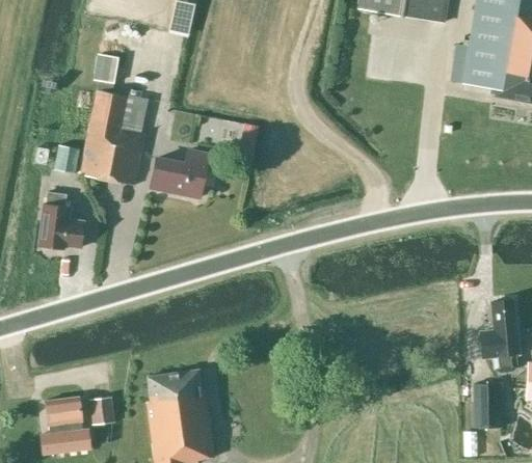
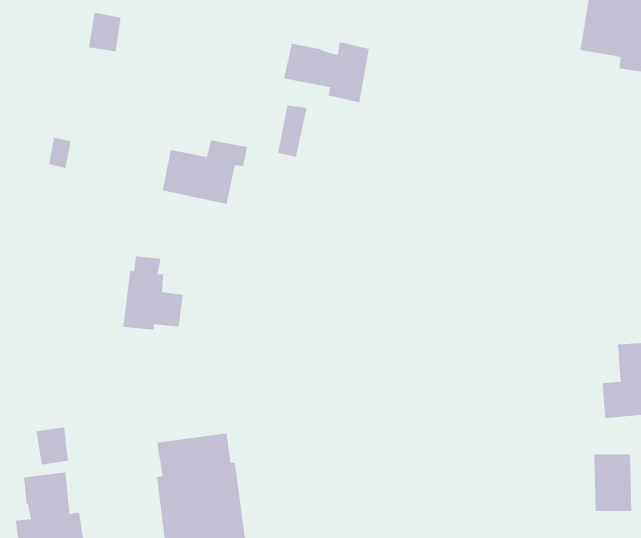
building: none -> [283,41,370,103]
building: [80,88,149,184] -> none
building: [38,192,84,248] -> [123,255,184,330]
building: [90,396,115,425] -> [36,427,69,465]

